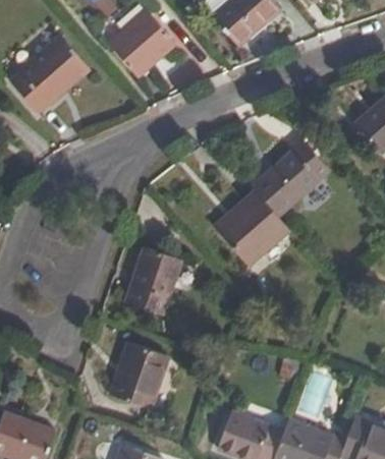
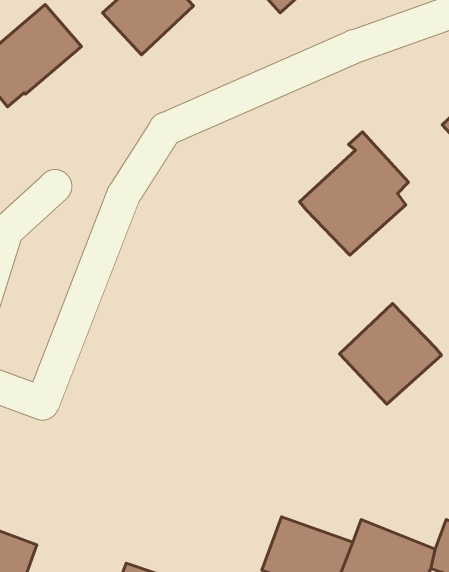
building: [214,190,288,264] -> [339,303,441,404]
building: [125,247,179,317] -> none
building: [111,342,168,408] -> none

